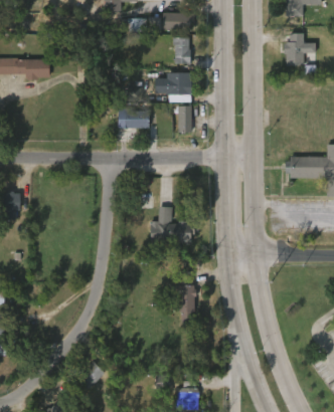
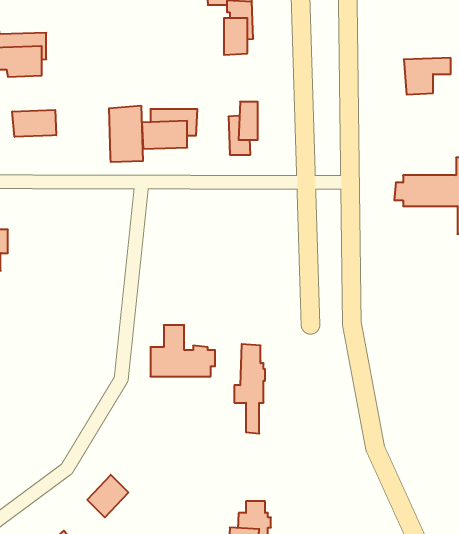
building: [285,40,317,65] -> [404,58,451,95]
building: [153,71,190,93] -> none
building: none -> [109,106,143,162]
building: none -> [12,110,56,137]
building: [151,206,195,241] -> [150,325,215,376]

